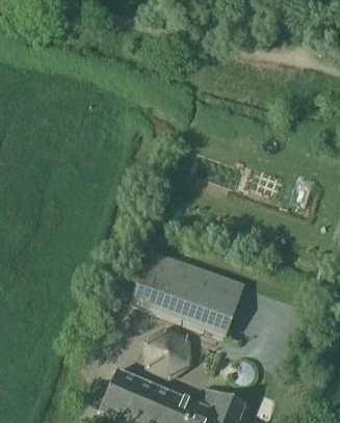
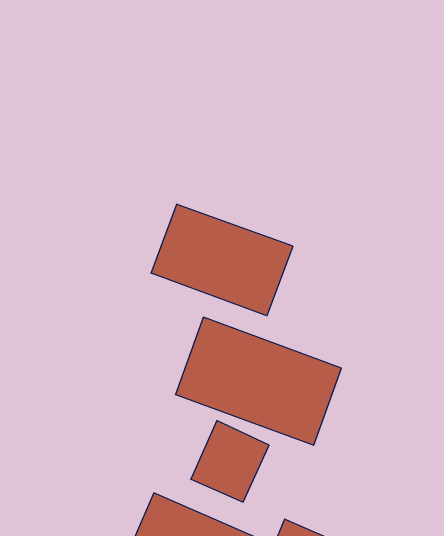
building: none -> [151,204,293,316]

